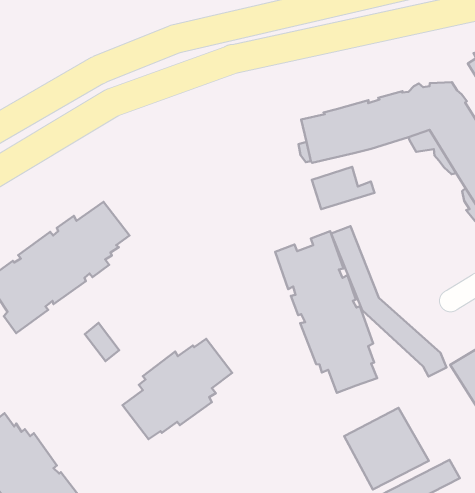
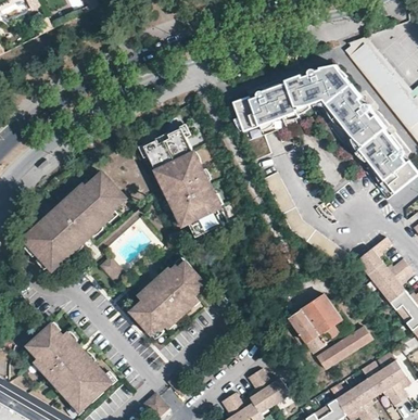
building: [275,231,377,393] -> [142,125,223,237]

